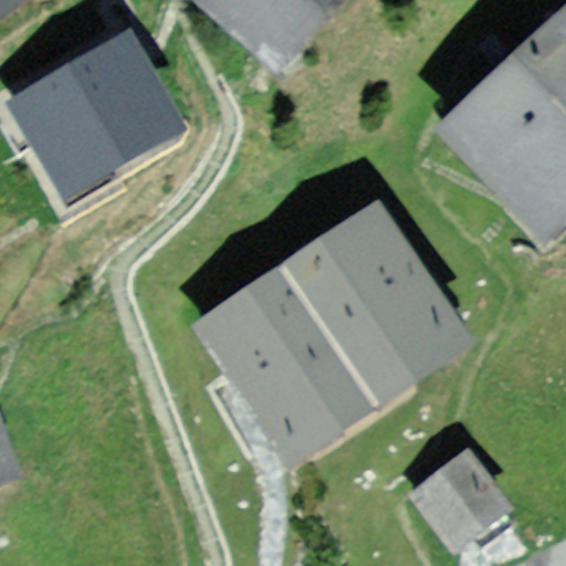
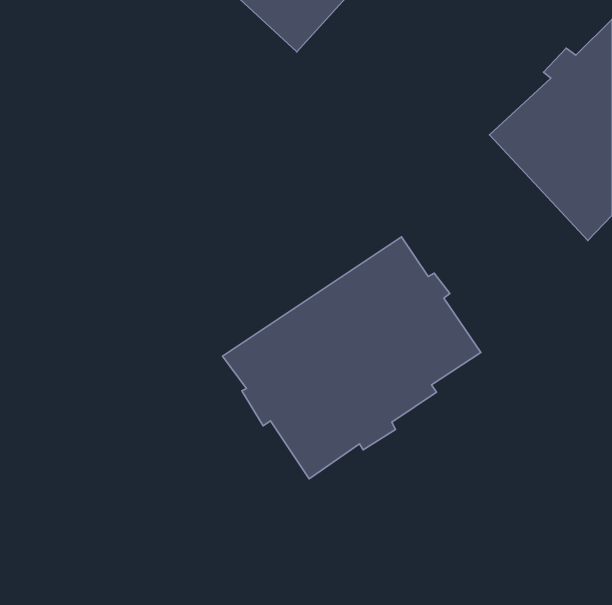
building: [20,45,164,177] -> none
building: [416,453,510,541] -> none

